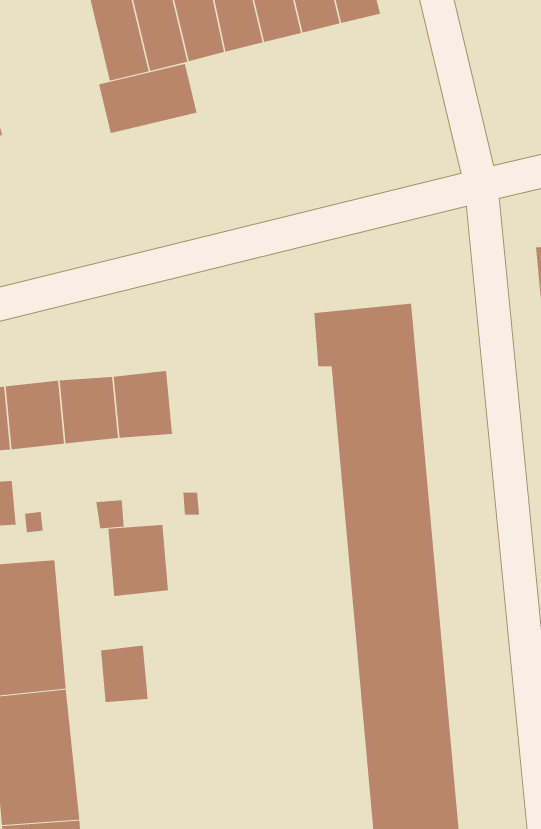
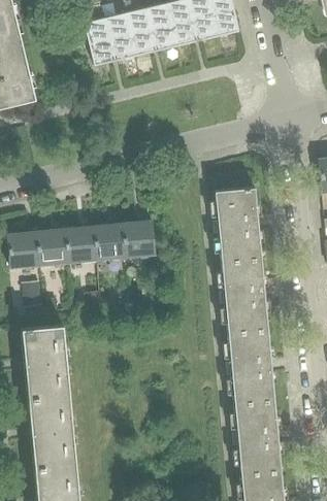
building: [99,63,197,134] -> none
building: none -> [124,222,157,258]
building: [108,524,168,597] -> none
building: [101,645,148,703] -> none

